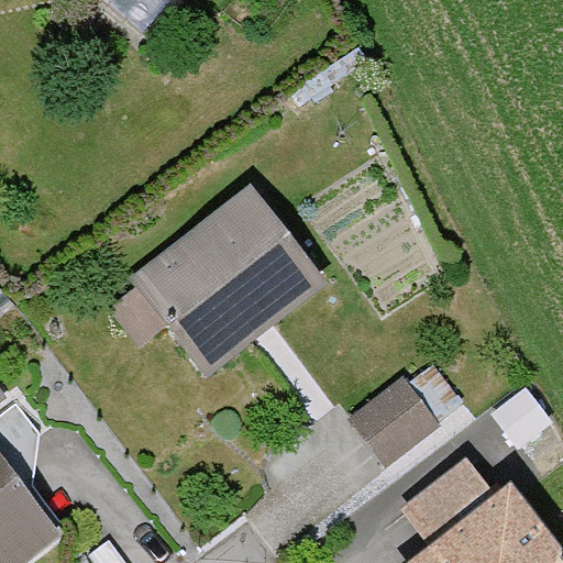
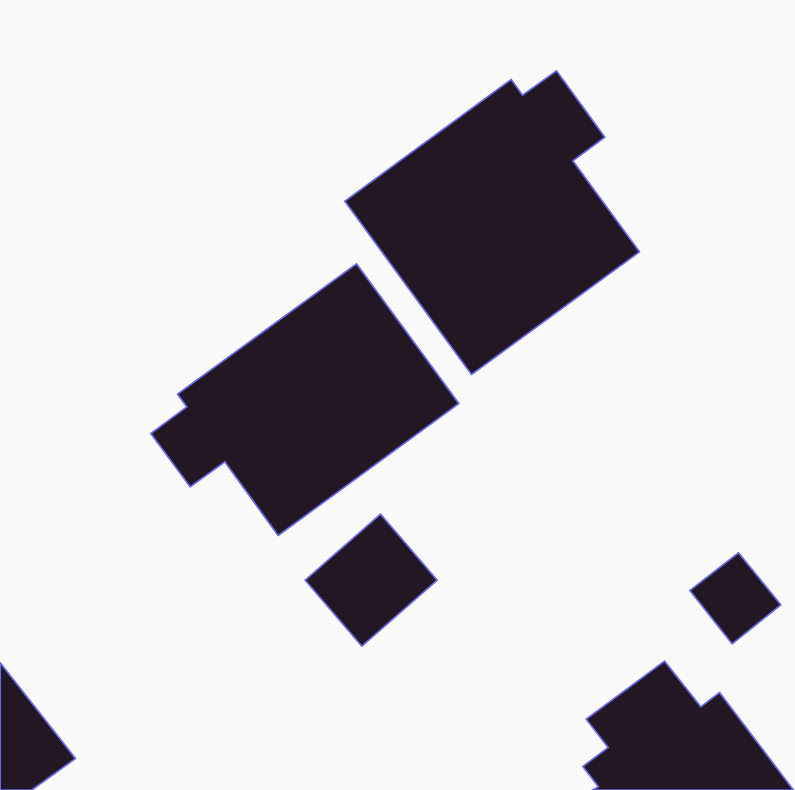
building: none -> [345,71,640,374]
building: [346,377,439,470] -> [305,514,437,646]

